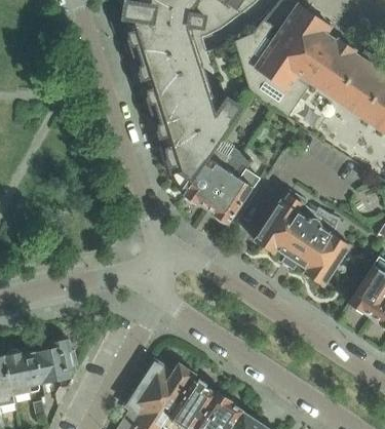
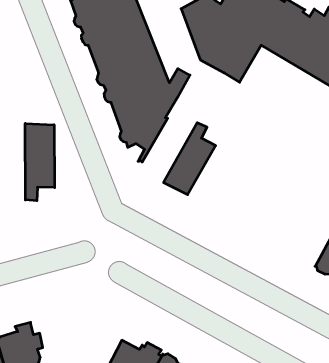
building: none -> [25,123,55,201]
building: [184,148,243,209] -> none
building: [255,193,350,285] -> none

